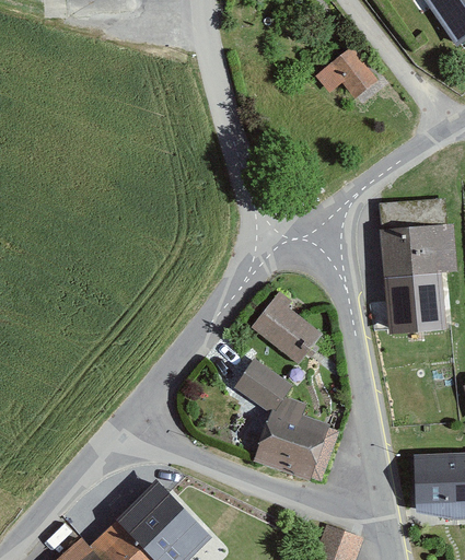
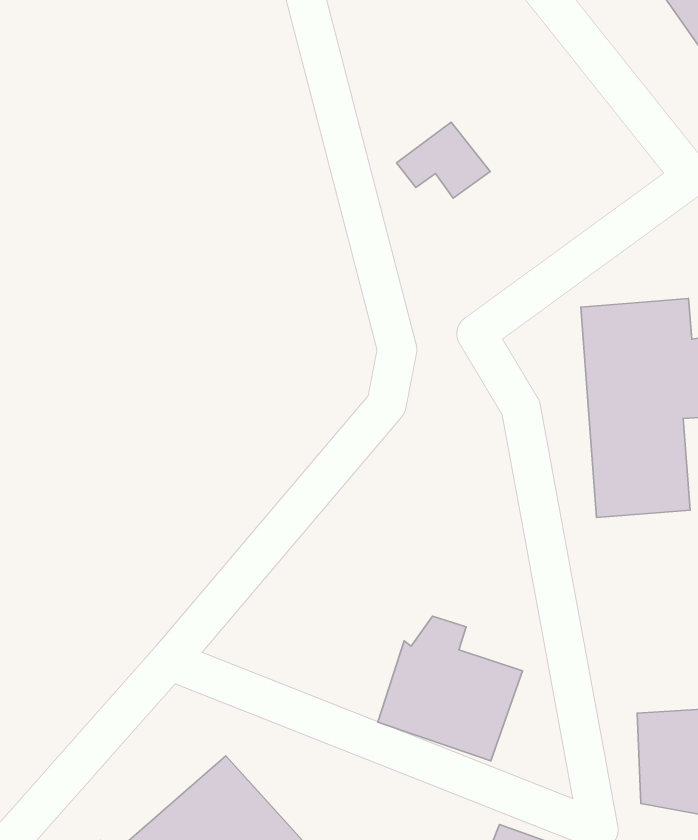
building: [318,49,376,96] -> [397,122,490,198]
building: [252,291,323,364] -> none
building: [235,358,294,415] -> none

